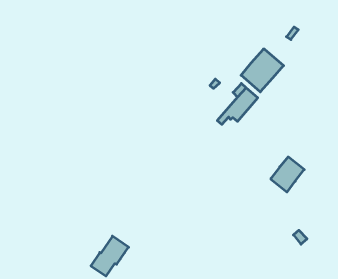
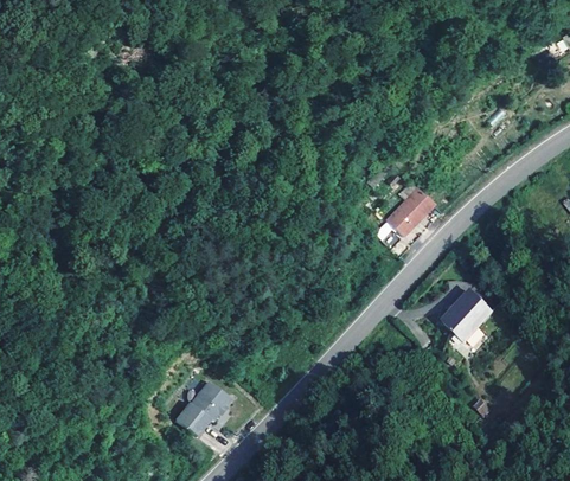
building: [241,49,284,92] -> none

